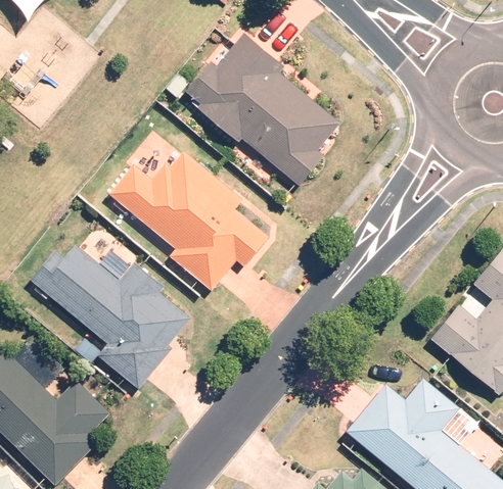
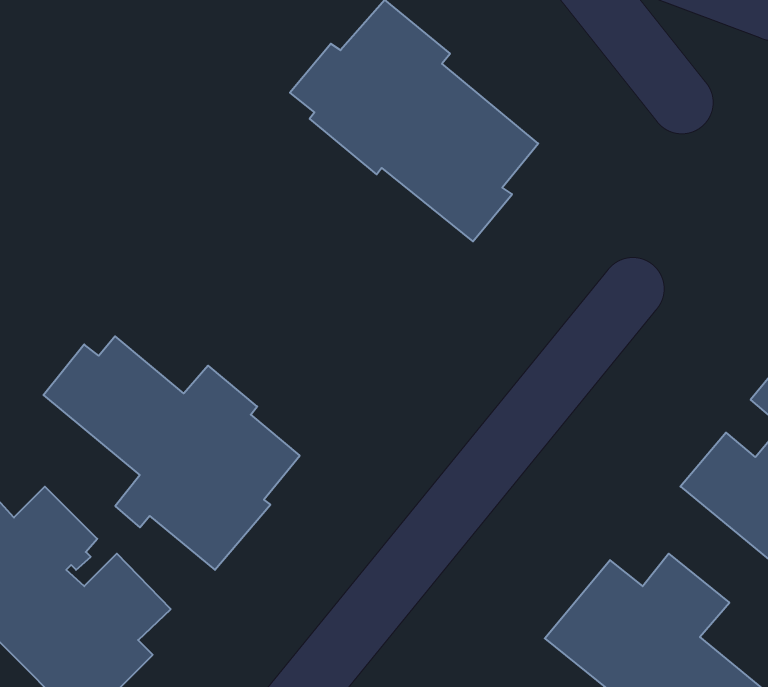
building: [108,152,268,291] -> none

